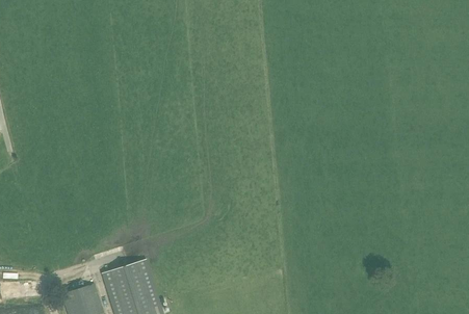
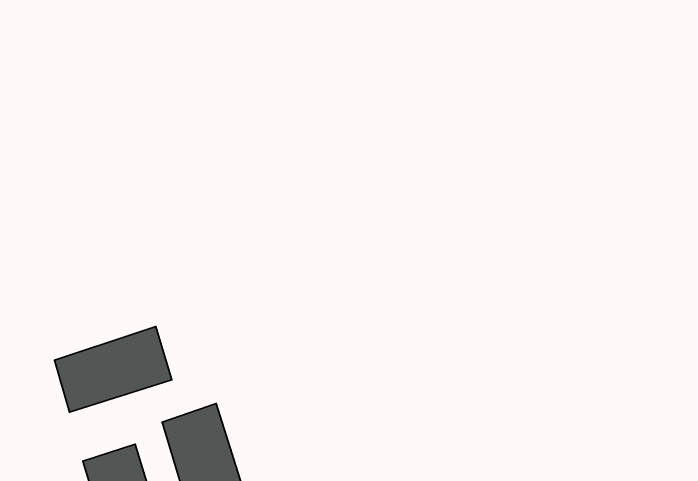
building: none -> [55,327,172,412]

